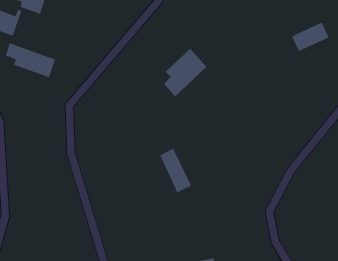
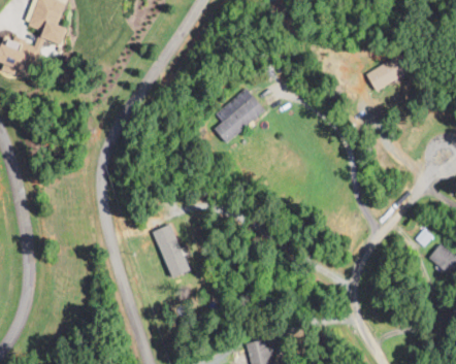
building: [5,42,56,78] -> none
building: [159,147,192,193] -> [152,223,192,278]

